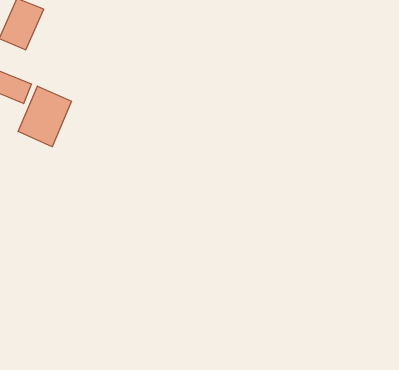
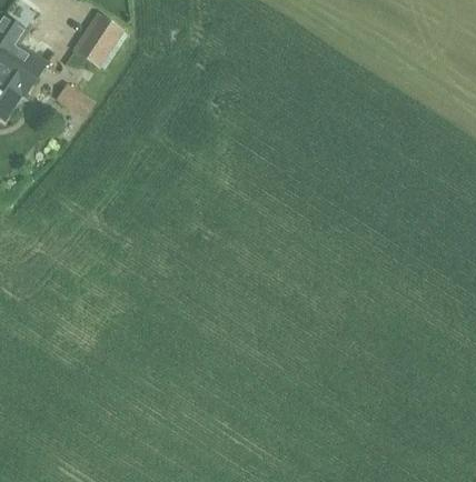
building: [18,86,71,147] -> none

